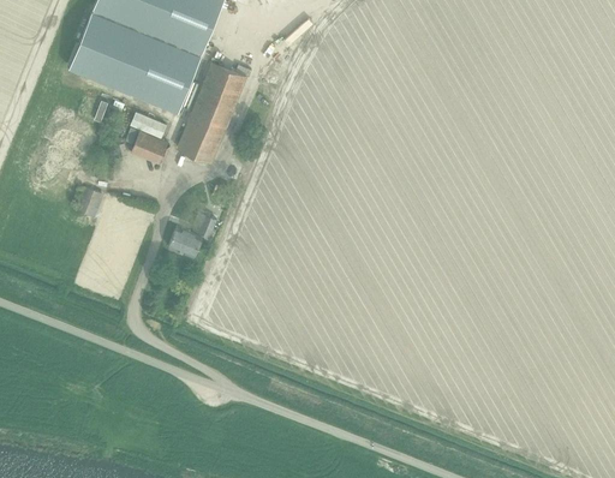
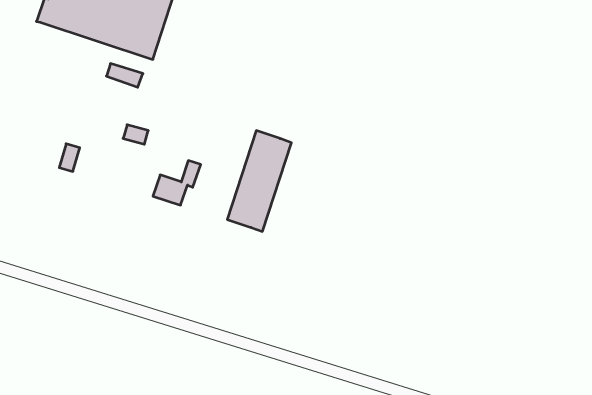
building: [178,64,246,163] -> [227,131,291,231]
building: [131,133,168,166] -> none

